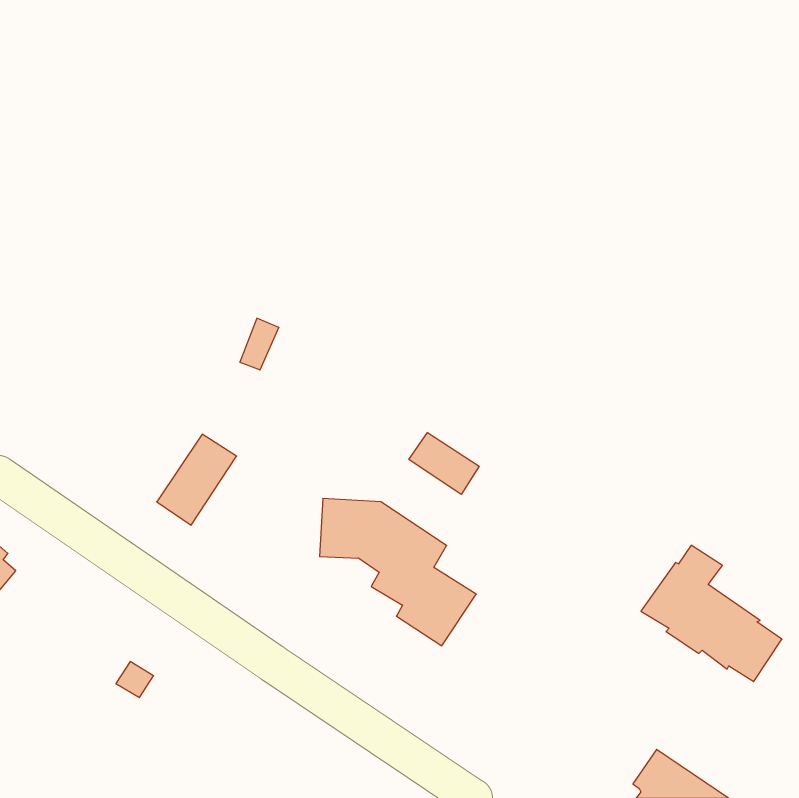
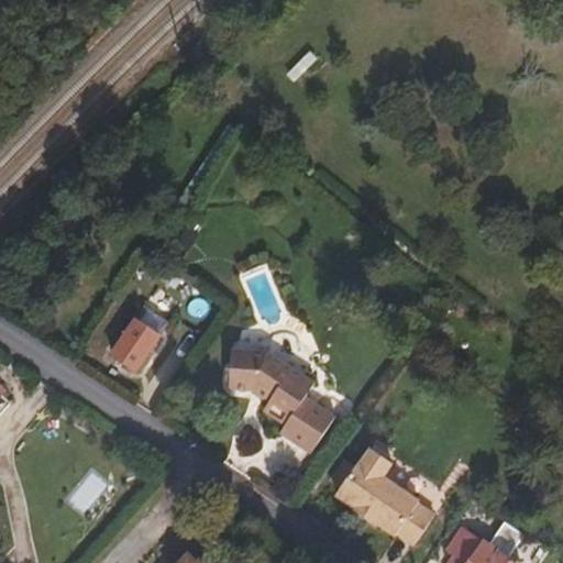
building: [409,433,479,494] -> none
building: [641,545,782,682] -> [339,451,438,547]

